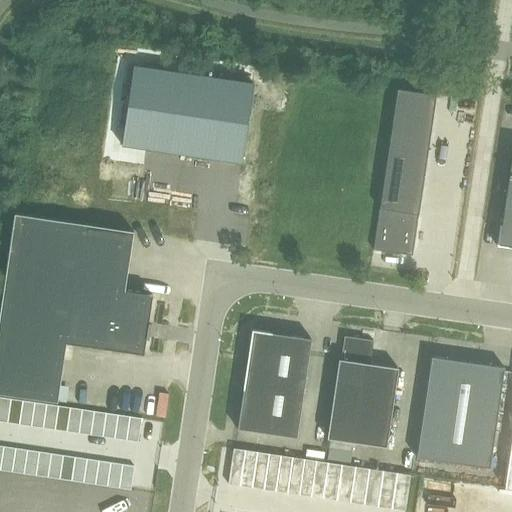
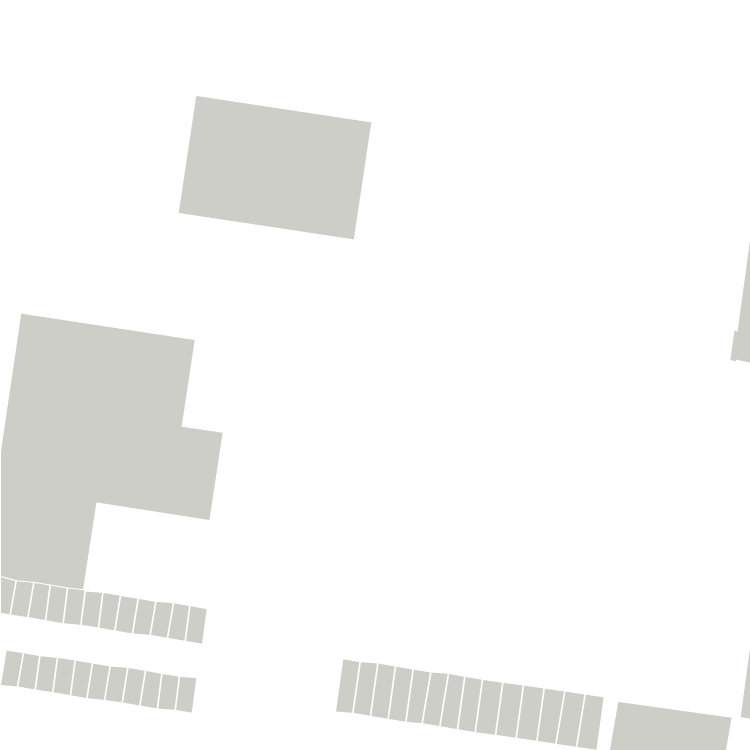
building: [374,89,437,256] -> none
building: [238,330,312,438] -> none
building: [327,337,399,448] -> none
building: [417,357,505,469] -> none

